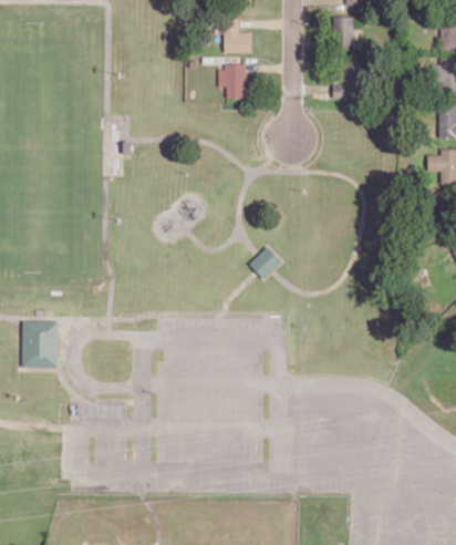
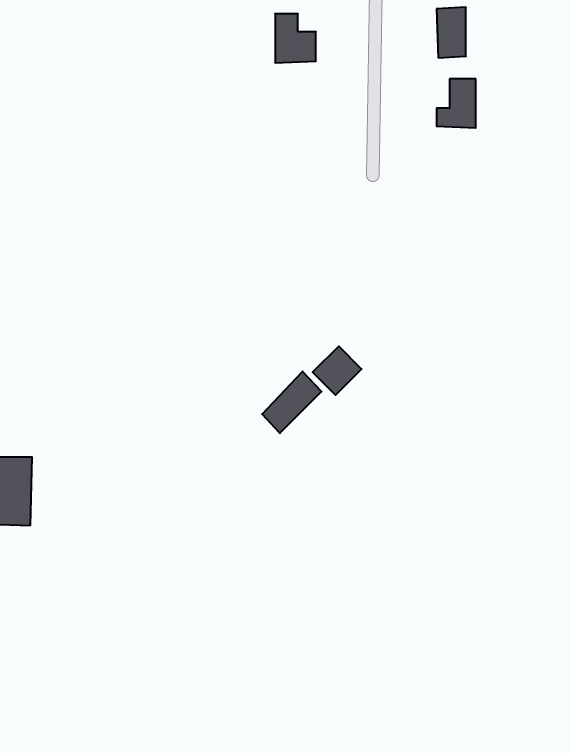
building: [218,65,247,99] -> none
building: none -> [262,371,322,433]

